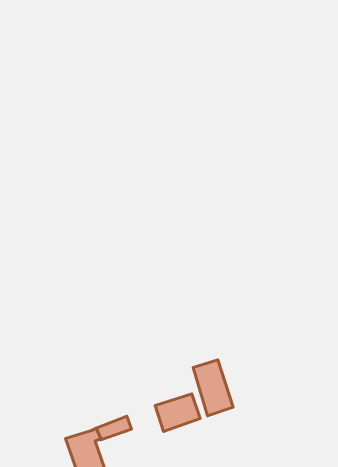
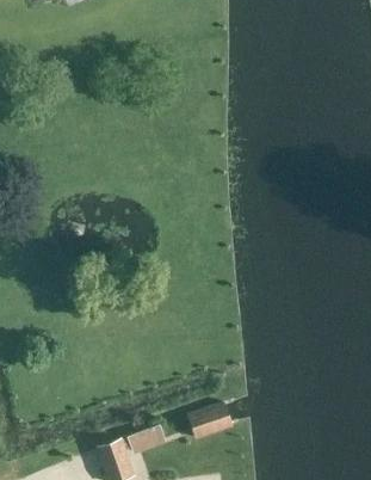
building: [193,360,233,416] -> none

